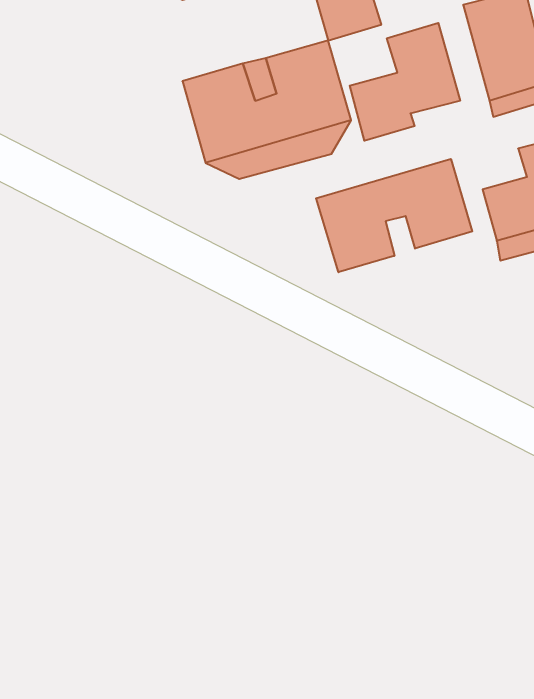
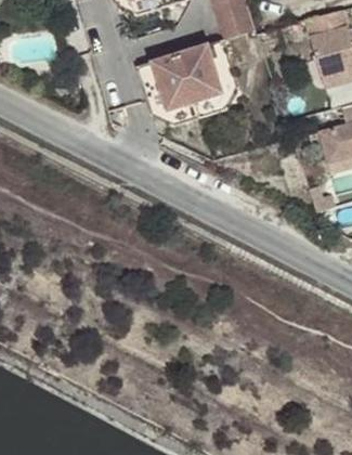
building: [350,23,460,141] -> none
building: [316,159,472,272] -> none

